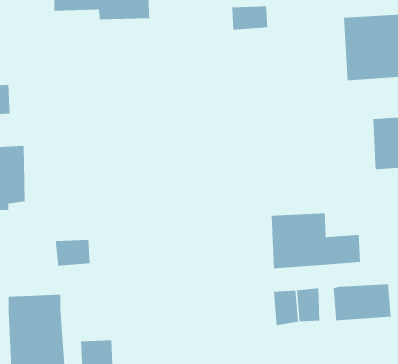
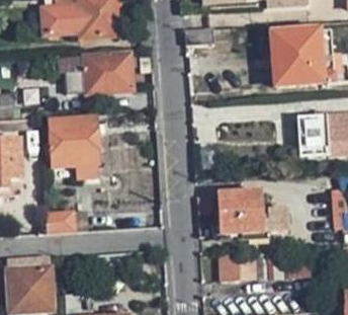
building: none -> [64,55,132,92]
building: none -> [46,117,99,179]

